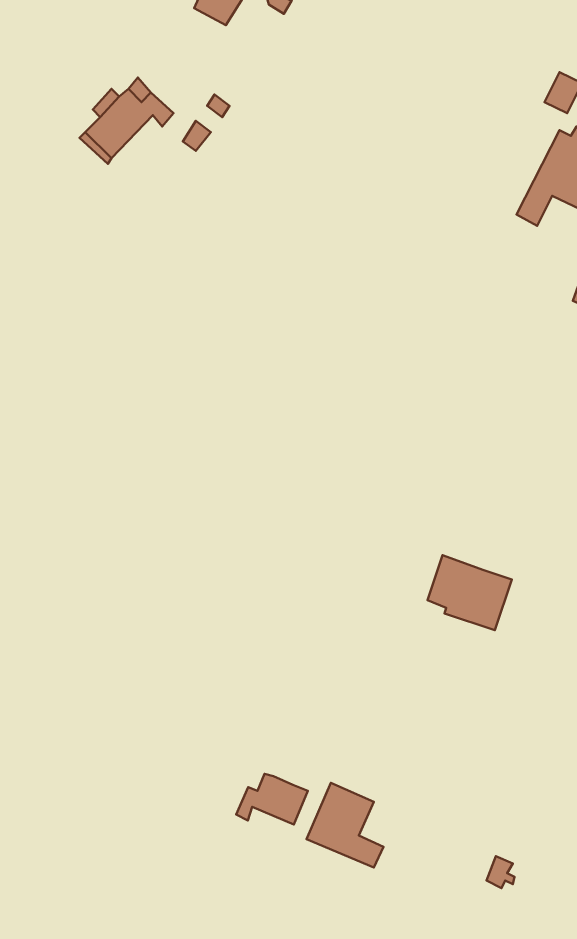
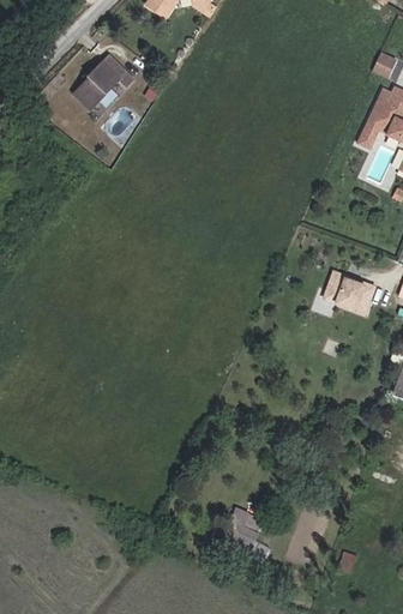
building: [427,555,512,630] -> [323,269,377,317]
building: [236,774,308,825] -> none

